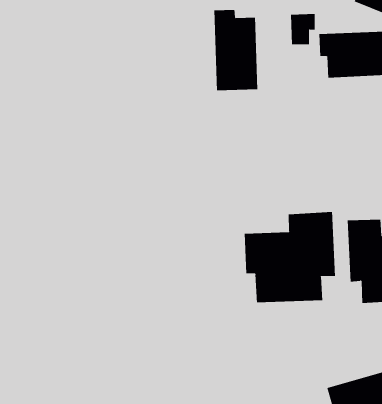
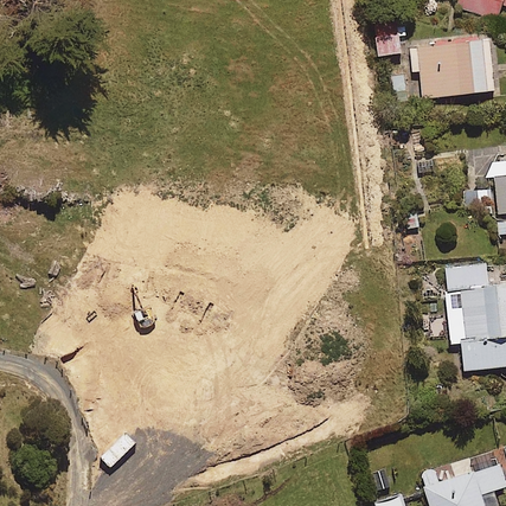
building: [214,9,258,91] -> none
building: [244,211,335,303] -> none

